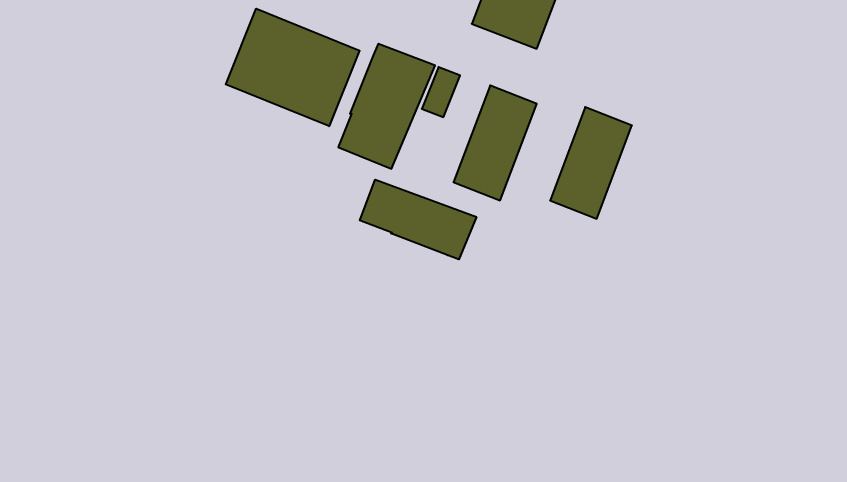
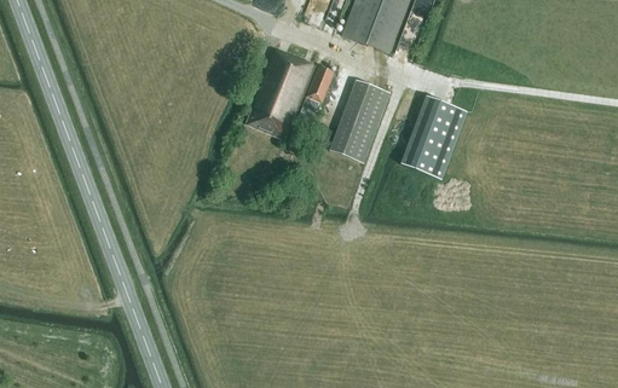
building: [226,9,360,126] -> none
building: [360,180,476,259] -> none

